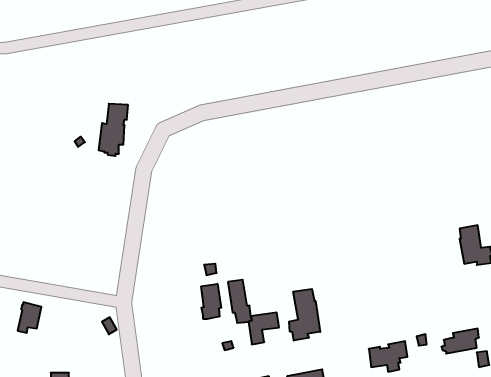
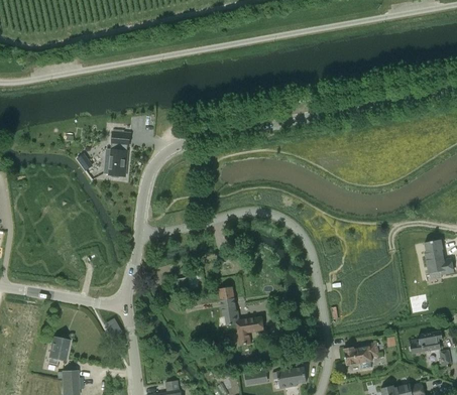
building: [201,284,221,319] -> none
building: [289,289,320,341] -> none
building: [18,302,41,333] -> [47,337,69,364]

